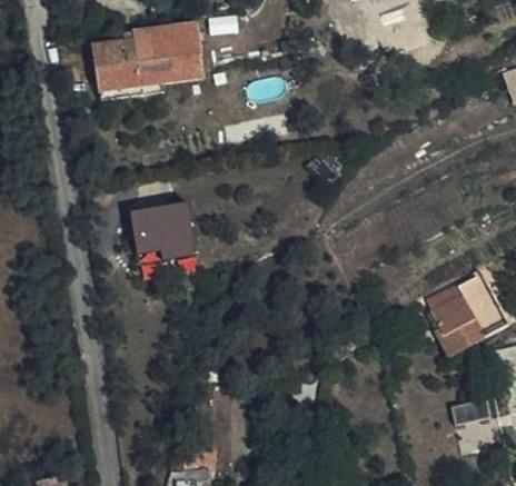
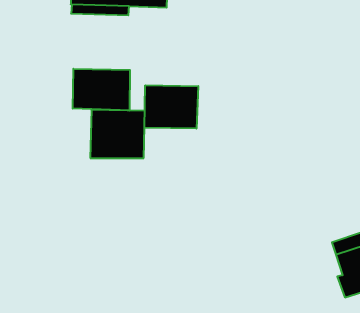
building: none -> [73,69,130,111]
building: none -> [144,85,198,129]

